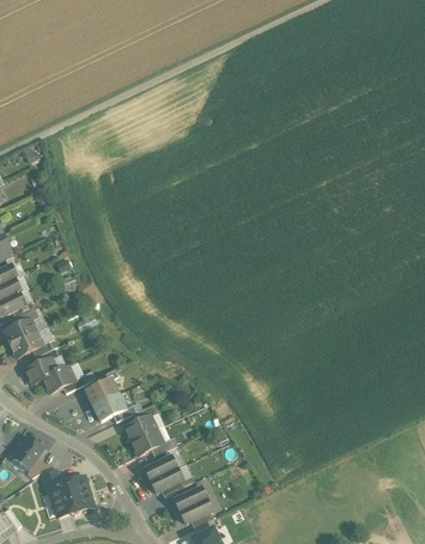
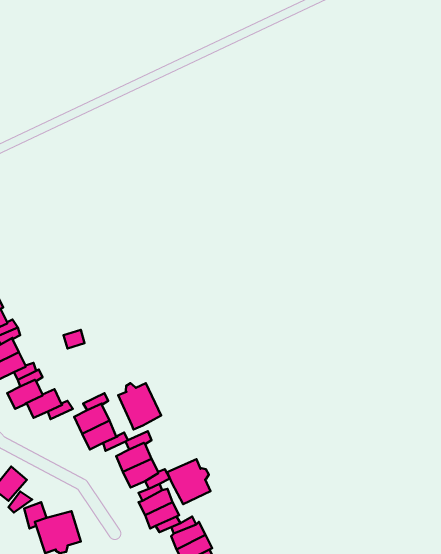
building: none -> [118,383,161,429]
building: none -> [167,459,211,504]

